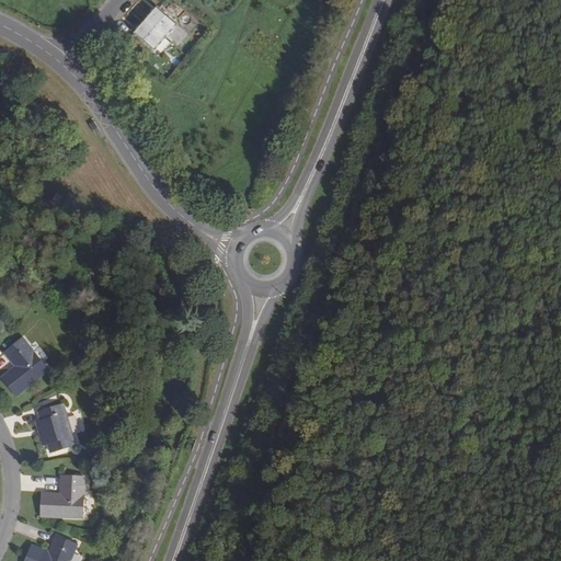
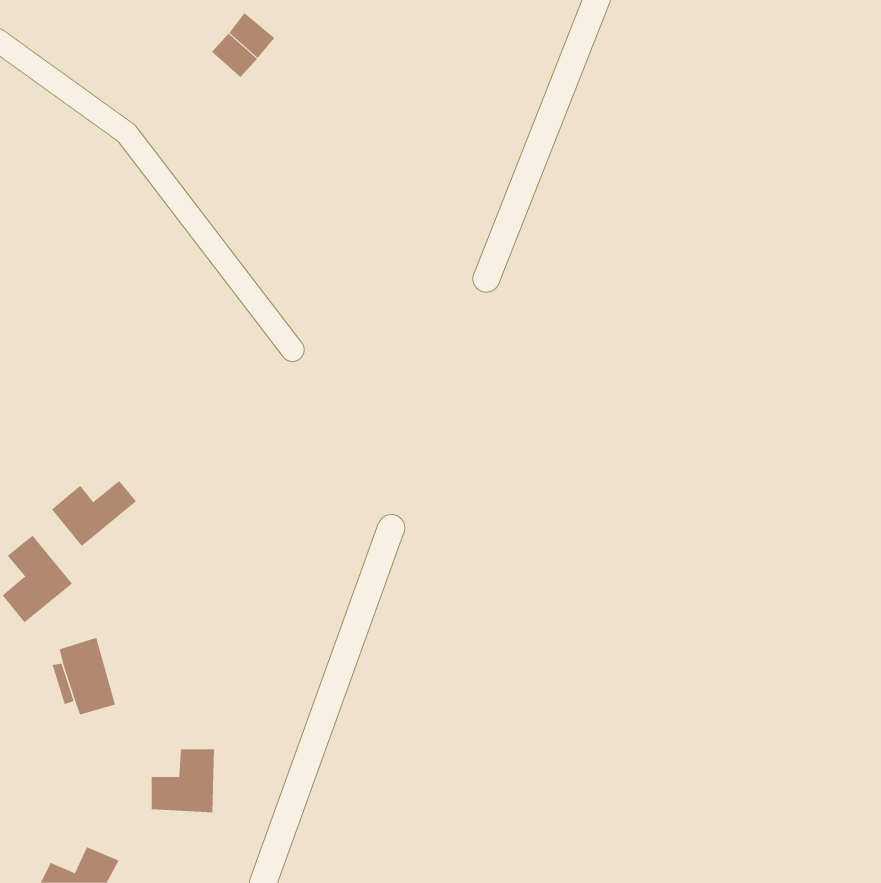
building: none -> [51,480,137,547]
building: [42,477,82,517] -> [151,749,215,813]

